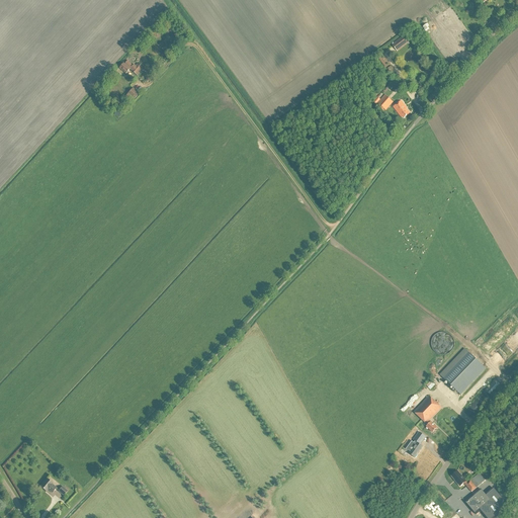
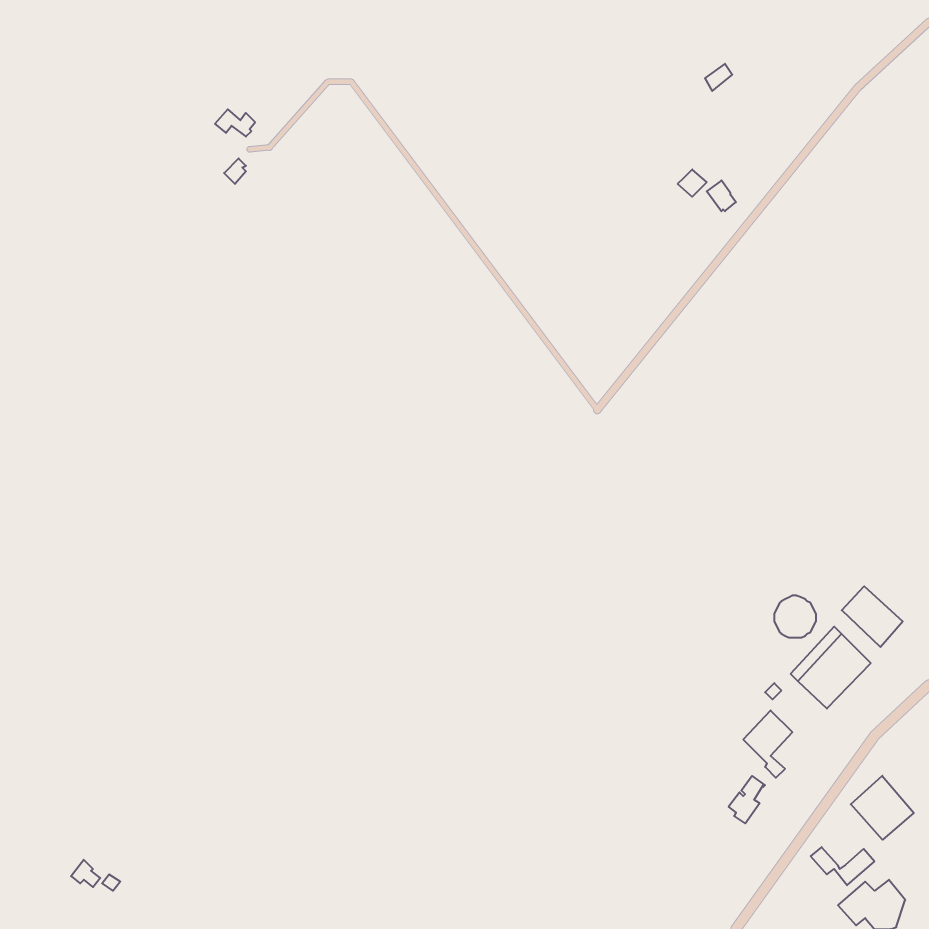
building: none -> [842,586,903,647]
building: none -> [851,776,914,840]

